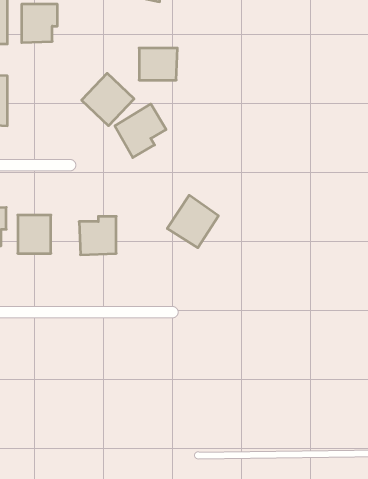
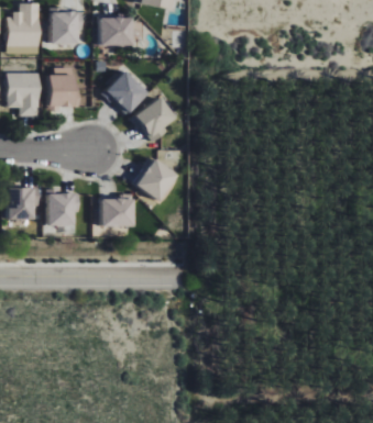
building: [139,48,177,80] -> [100,18,133,45]
building: none -> [50,67,76,108]
building: [167,195,218,248] -> [133,156,177,201]

